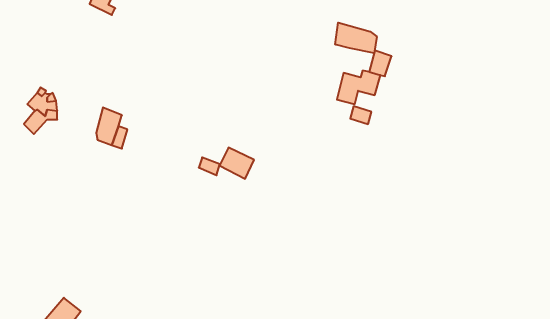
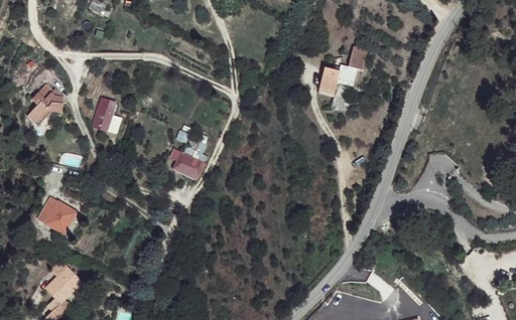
building: [335,23,377,53] -> none
building: [220,148,254,179] -> [175,153,207,181]
building: none -> [42,198,73,233]

